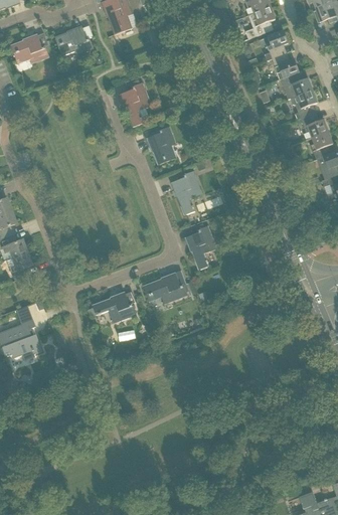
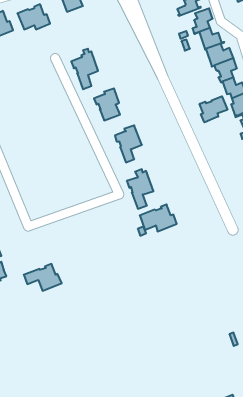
building: none -> [200,96,227,122]
building: [143,272,187,304] -> [140,204,177,231]
building: [92,291,137,323] -> [24,264,62,291]

